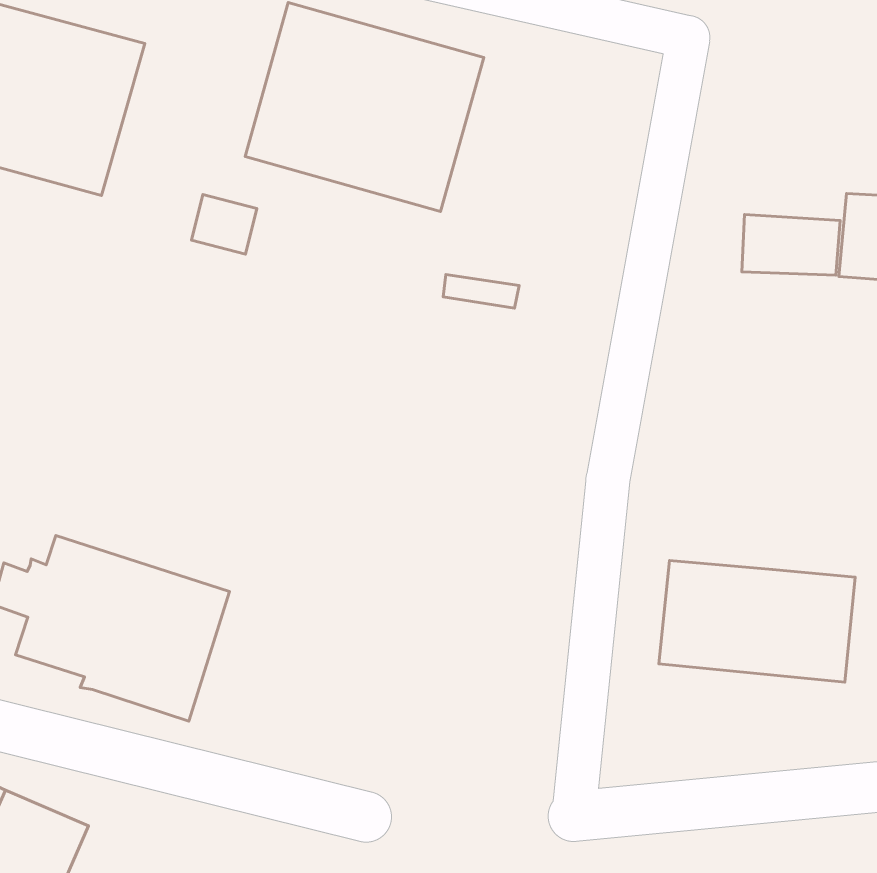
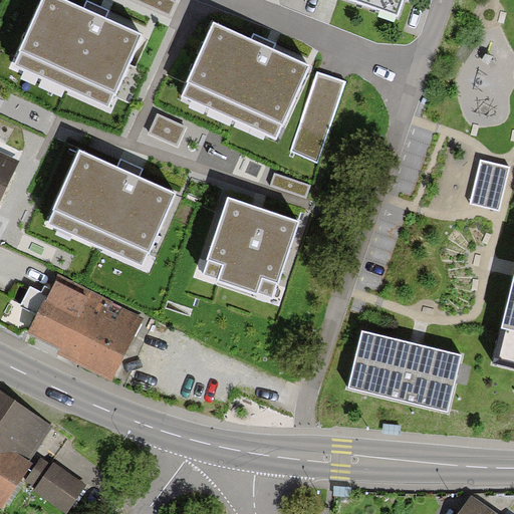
building: none -> [290,73,344,159]
building: [742,214,840,275] -> none
building: none -> [47,151,172,264]
building: none -> [204,199,298,296]

